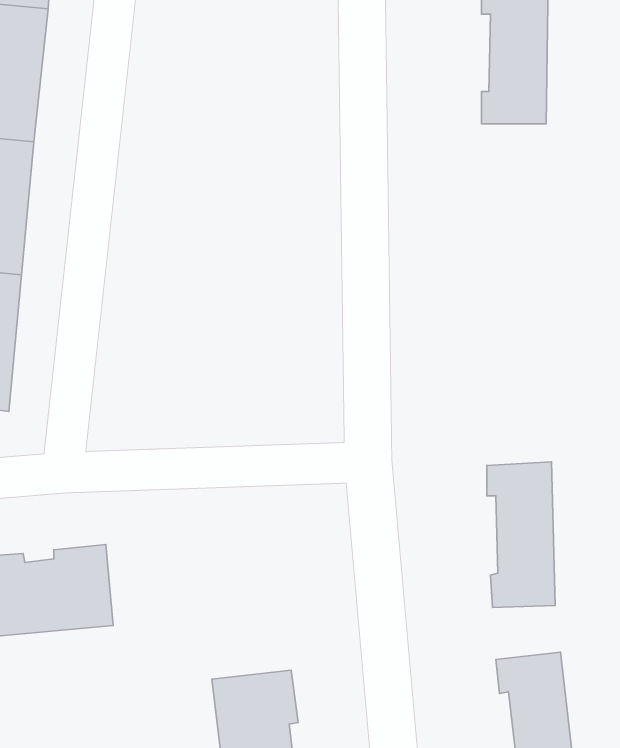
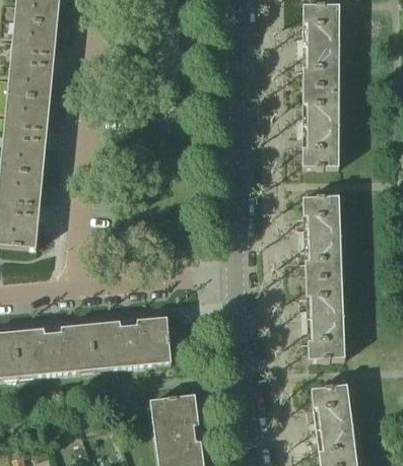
building: none -> [303,85,339,167]
building: none -> [303,196,342,278]
building: none -> [90,316,171,369]

